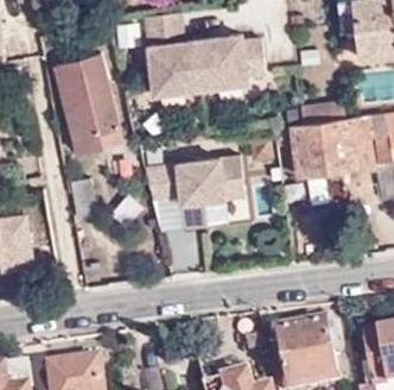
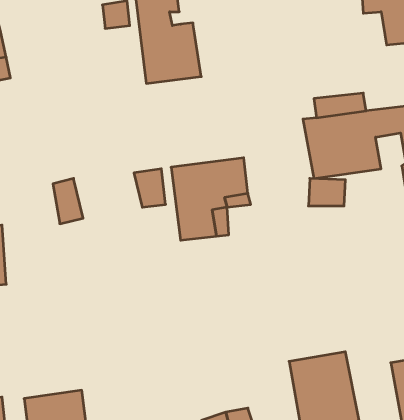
building: [193,32,265,84] -> none
building: [51,49,125,147] -> none

